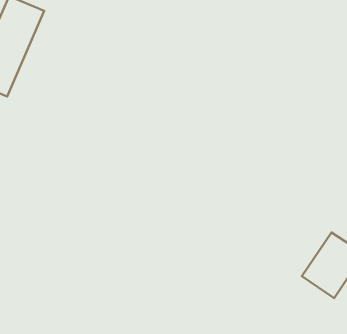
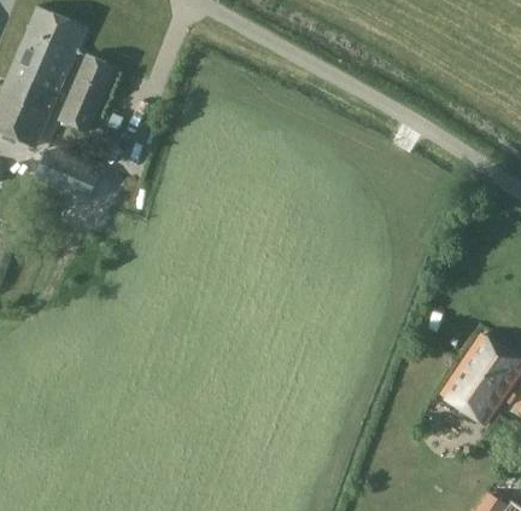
building: none -> [59,56,115,132]

